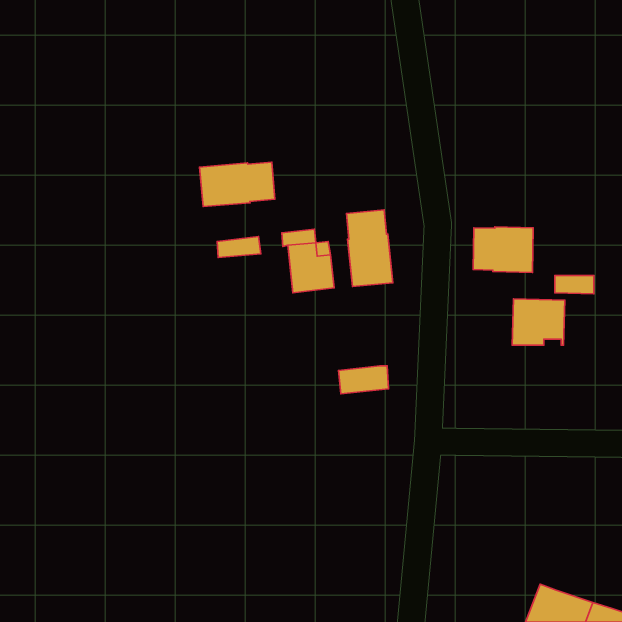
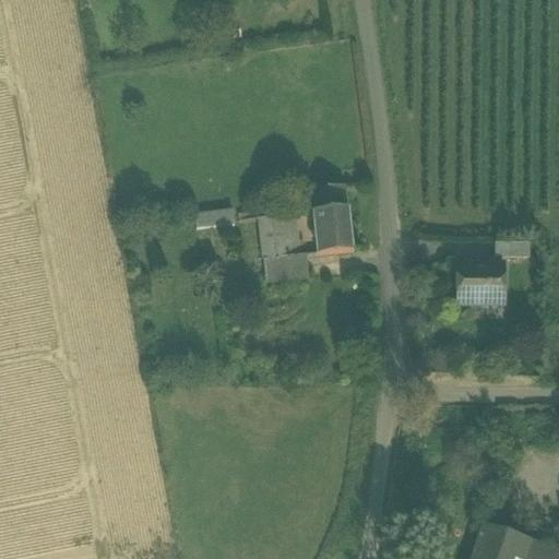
building: [200,162,275,207] -> none
building: [473,227,533,272] -> none
building: [339,366,389,394] -> [263,258,308,283]

